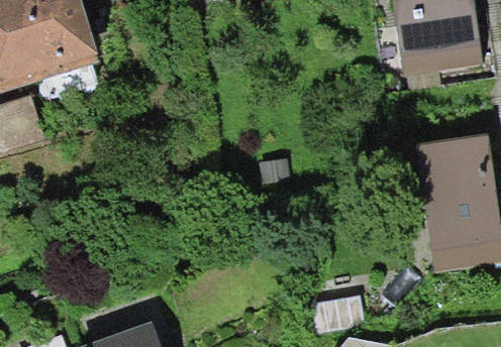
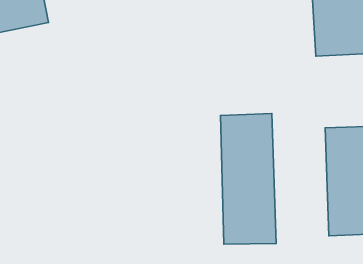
building: none -> [220,113,276,244]

